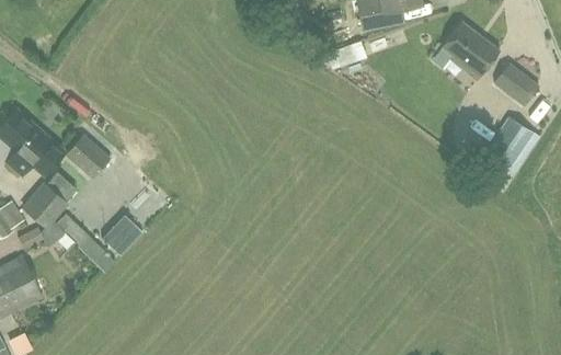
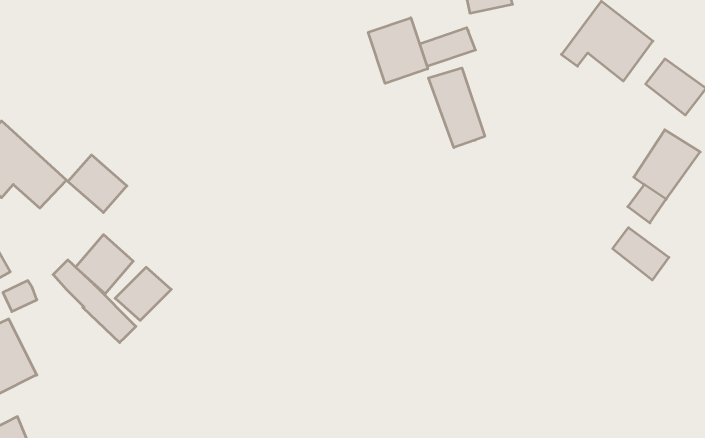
building: none -> [368,18,428,83]
building: none -> [428,68,485,148]
building: [23,183,66,227] -> [76,235,133,294]
building: none -> [613,228,669,280]

